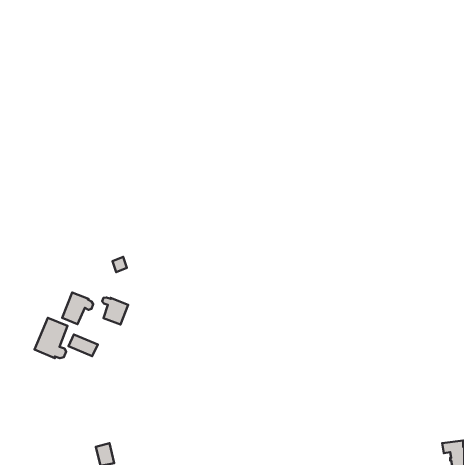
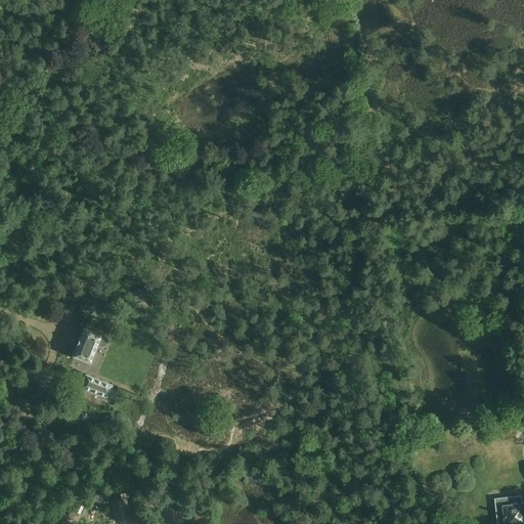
building: [102,298,128,324] -> none
building: [35,318,67,358] -> none

